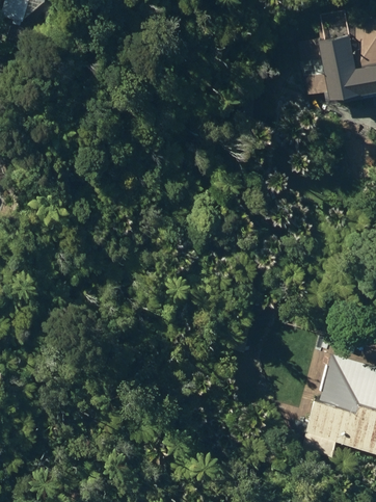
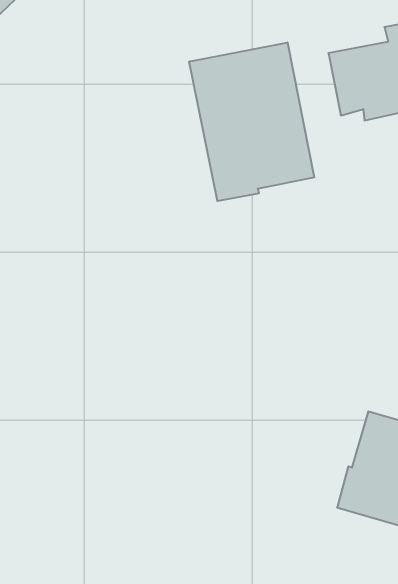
building: none -> [189,42,314,201]

